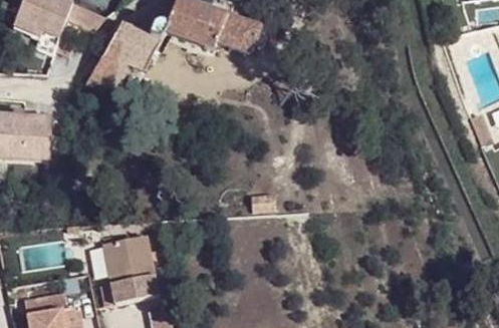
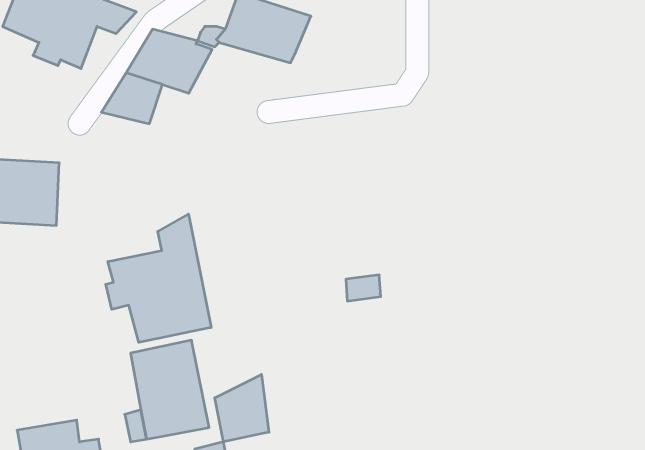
building: [217,14,260,49] -> none
building: none -> [106,214,211,342]
building: none -> [215,374,269,442]

